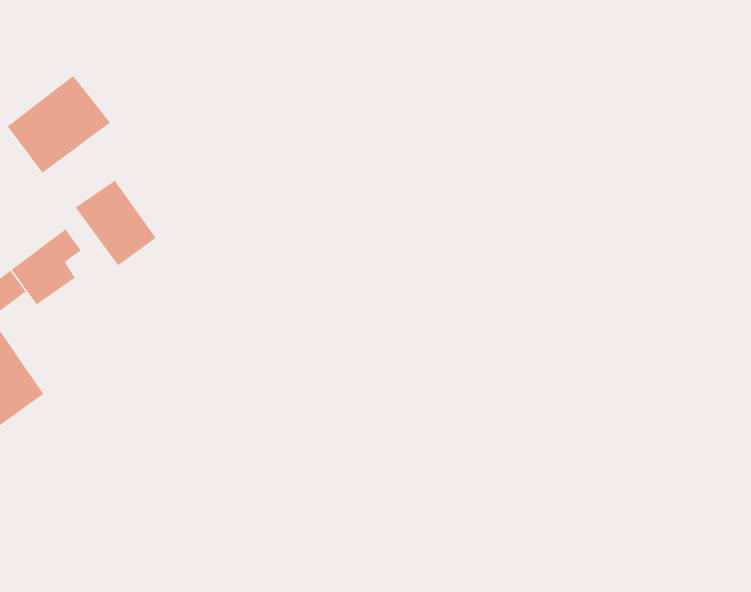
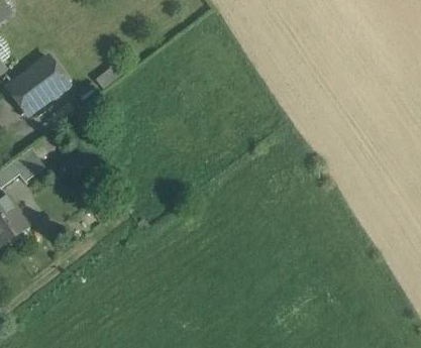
building: [75,180,156,266] -> none

